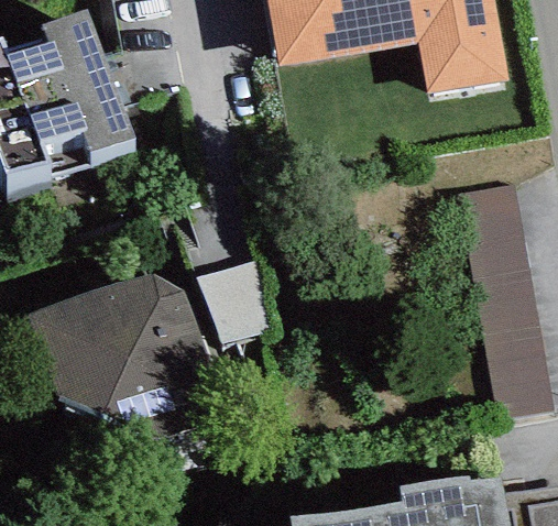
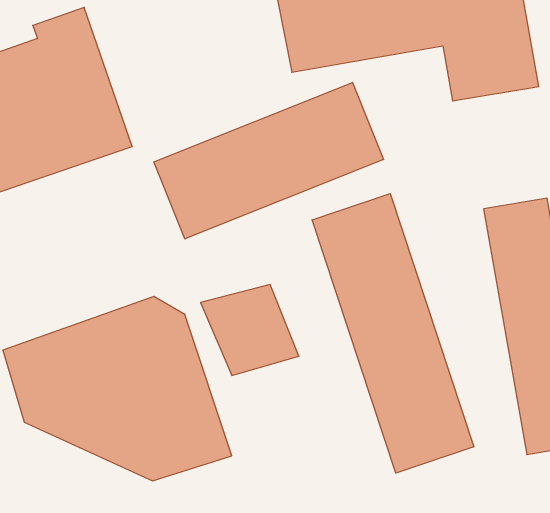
building: none -> [154,82,384,239]
building: none -> [312,194,474,473]

